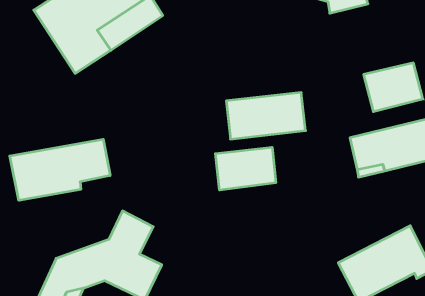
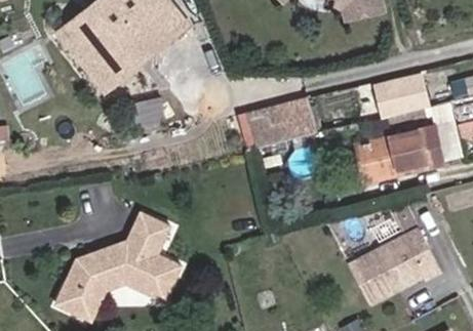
building: [10,139,110,200] -> none
building: [215,147,276,190] -> none

